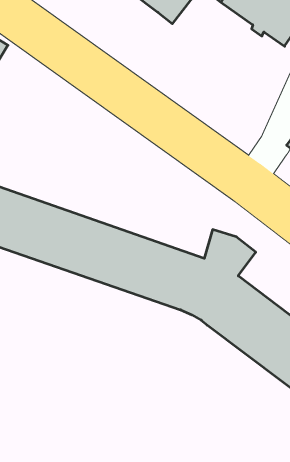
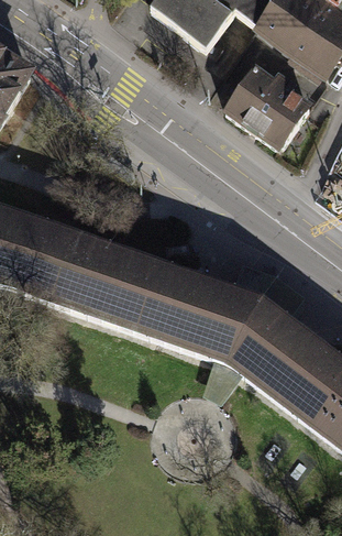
building: none -> [227,67,310,147]

